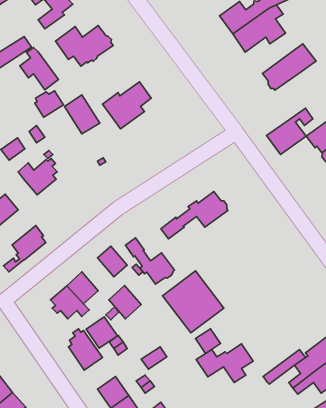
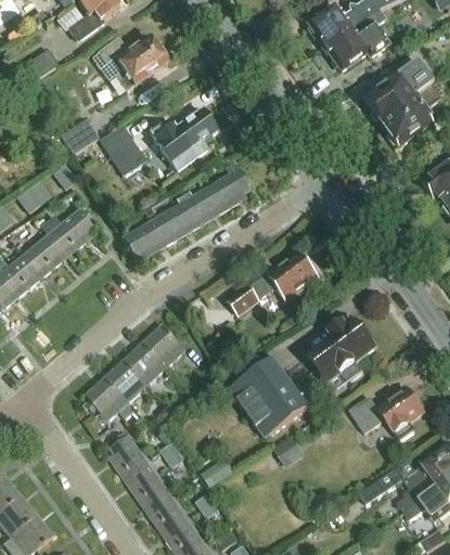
building: [20,47,59,90] -> none
building: [267,108,313,154] -> [378,83,439,144]
building: none -> [123,164,249,261]
building: none -> [24,235,66,276]
building: [4,225,46,272] -> none
building: [125,238,174,284] -> none
building: none -> [307,320,374,382]
building: [109,286,141,319] -> [125,339,167,383]
building: [86,317,117,348] -> [128,470,169,512]
building: [196,344,253,383] -> [349,390,424,441]

